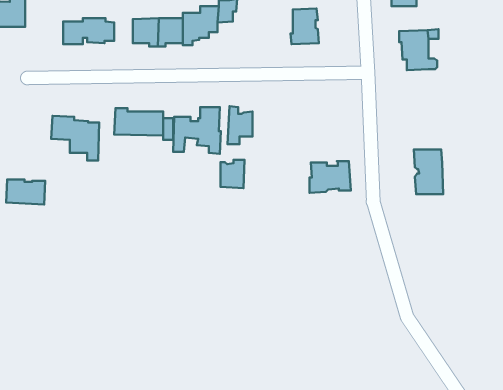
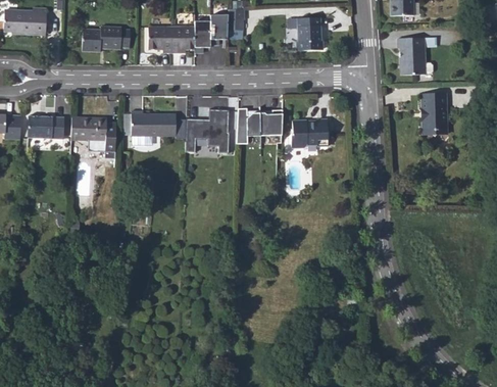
building: [414,150,443,194] -> [420,93,448,135]
building: [221,160,244,188] -> [259,111,282,138]
building: [310,161,351,193] -> [290,118,329,148]
building: [6,180,45,205] -> [27,115,63,139]

